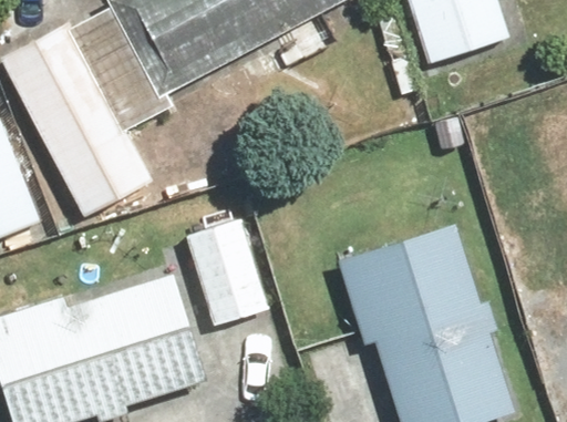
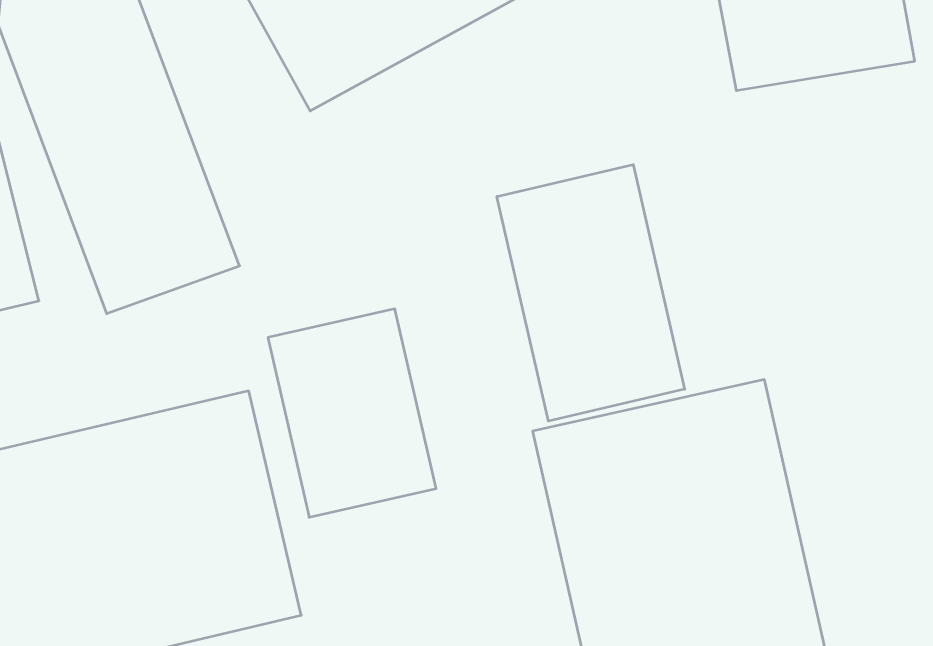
building: none -> [497,165,685,421]

